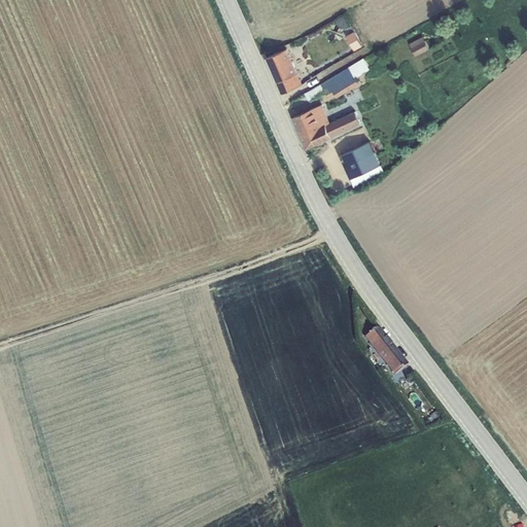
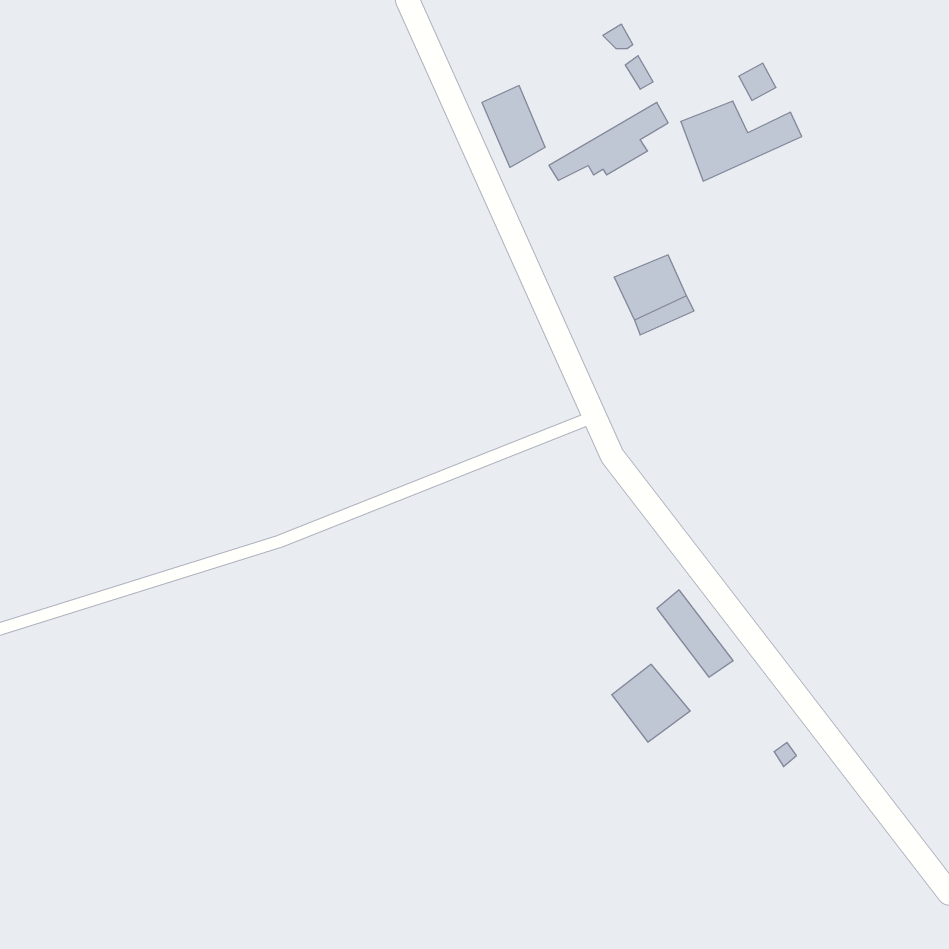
building: [293,105,360,149] -> [681,101,802,181]
building: none -> [612,664,690,742]

